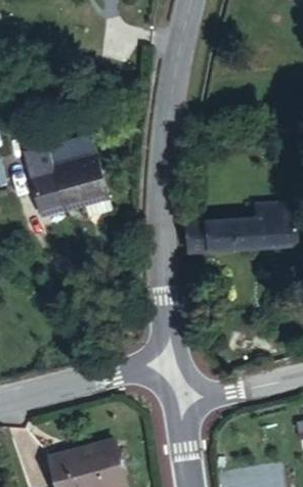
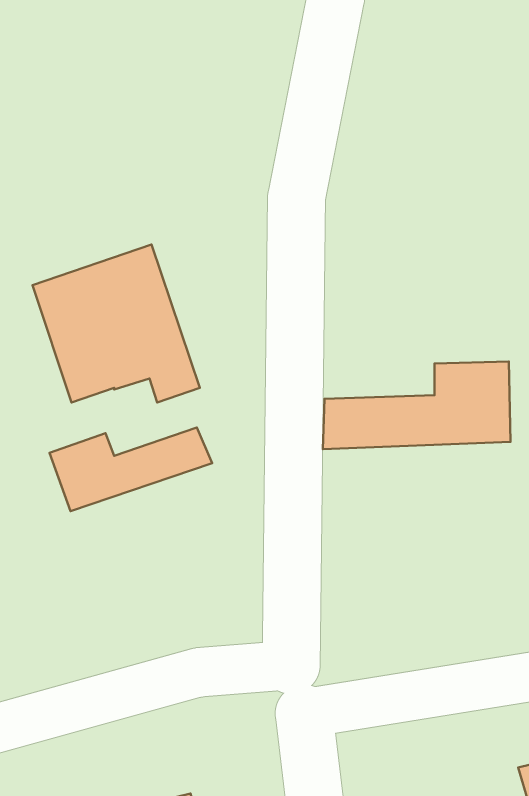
building: none -> [50,428,212,511]

